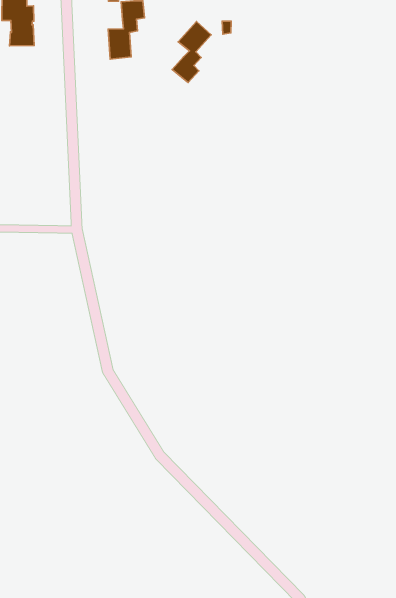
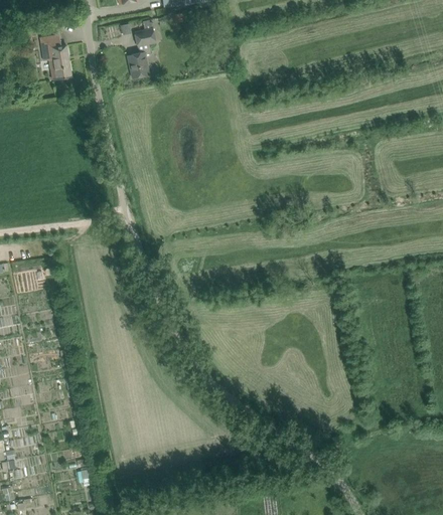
building: [172,22,211,82] -> none

